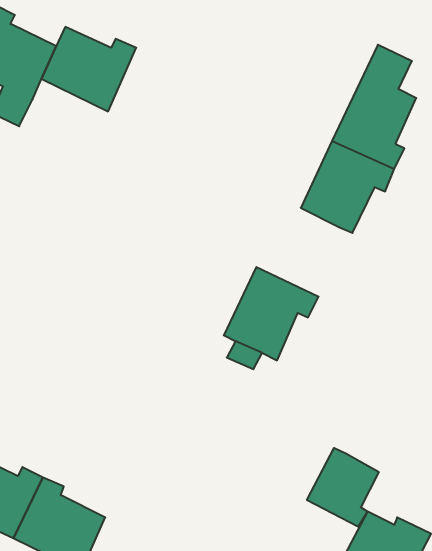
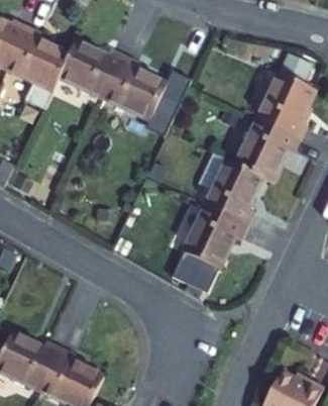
building: none -> [104,56,191,132]
building: none -> [198,154,261,225]
building: [307,448,379,527] -> none

